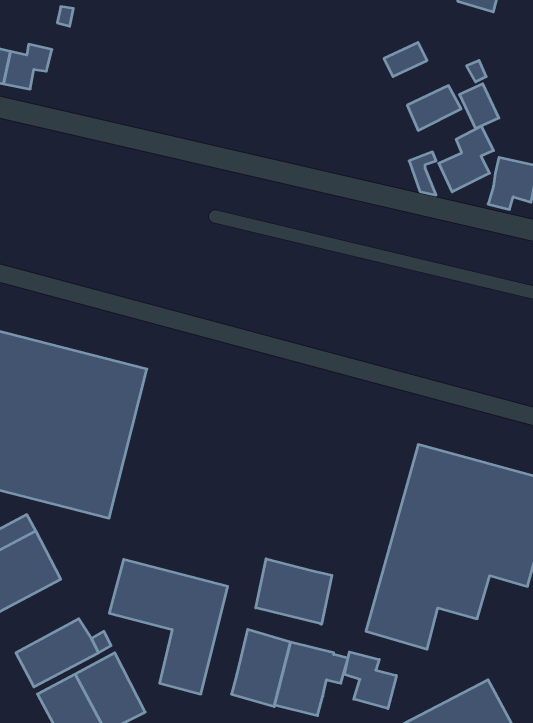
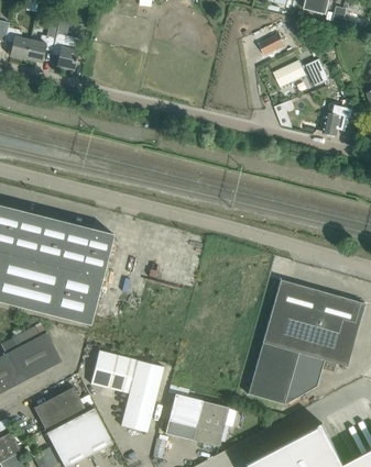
building: none -> [52,34,81,70]
building: [439,126,494,192] -> none
building: [256,559,332,624] -> none
building: [344,652,396,709] -> none

